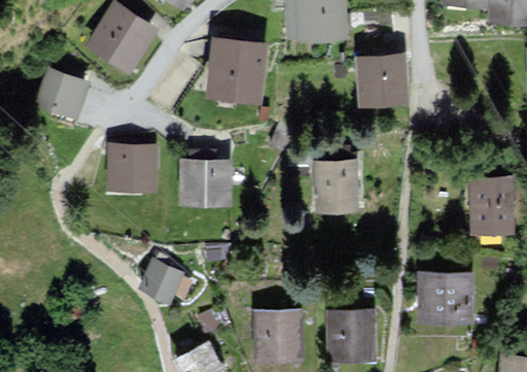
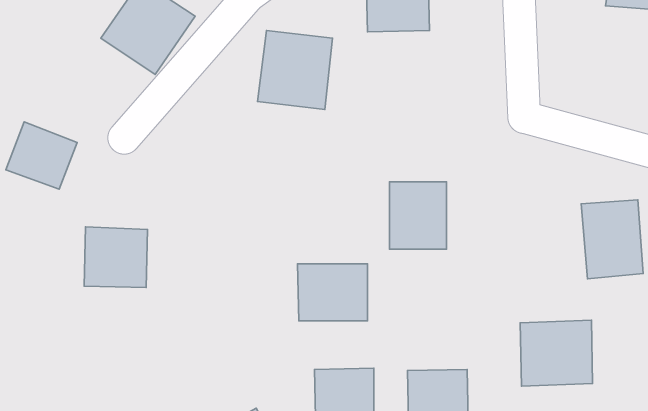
building: [358,57,409,107] -> none
building: [34,67,91,121] -> [6,122,77,189]
building: [106,143,156,192] -> [84,227,148,288]
building: [176,161,232,206] -> [297,264,367,321]
building: [142,258,184,298] -> none

